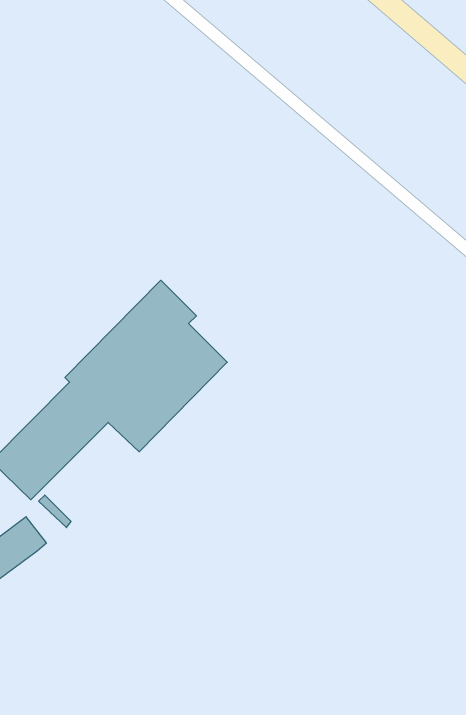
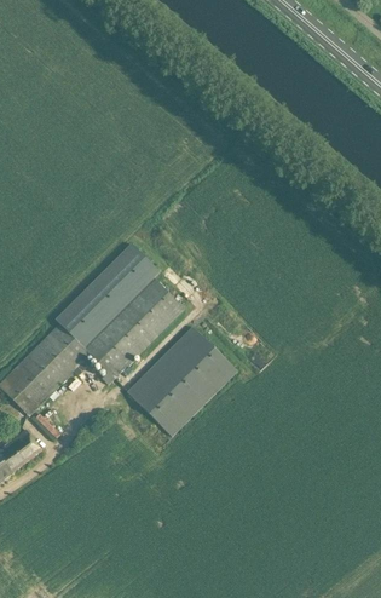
building: none -> [126,326,236,435]

